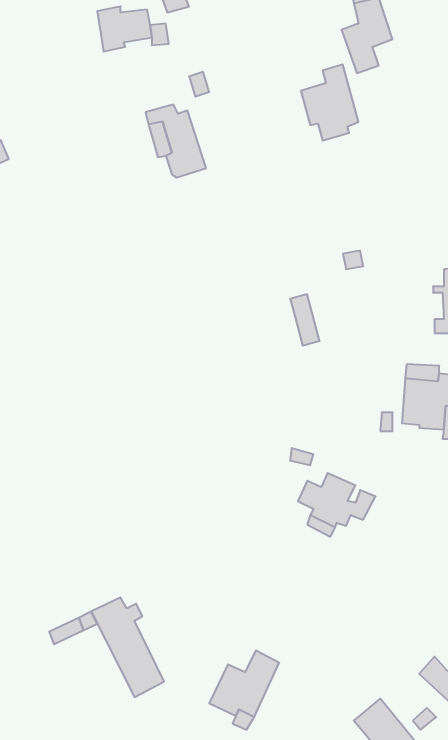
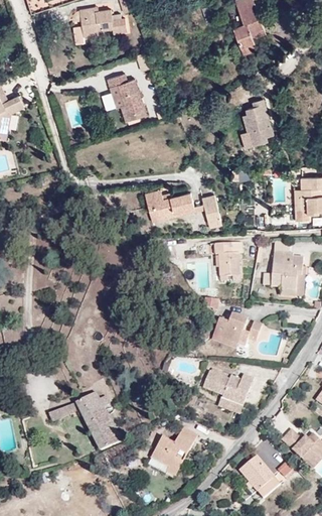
building: [301,64,358,141] -> [234,98,272,147]
building: none -> [144,190,194,223]
building: none -> [213,241,246,274]
building: none -> [198,369,252,407]

